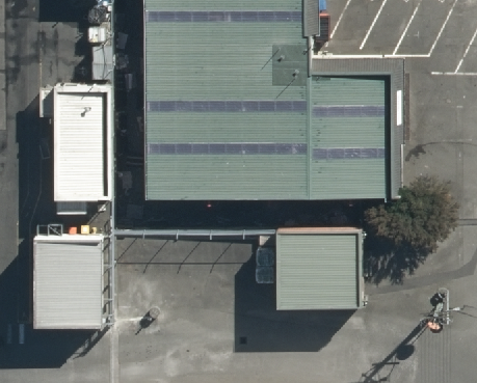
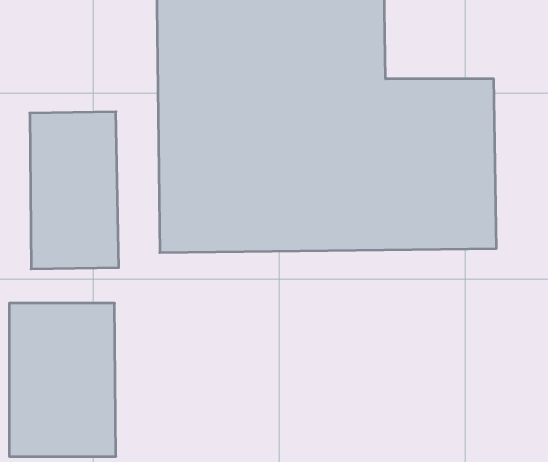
building: [272,227,368,322] -> none

